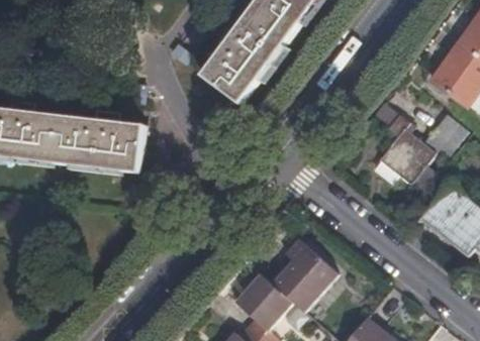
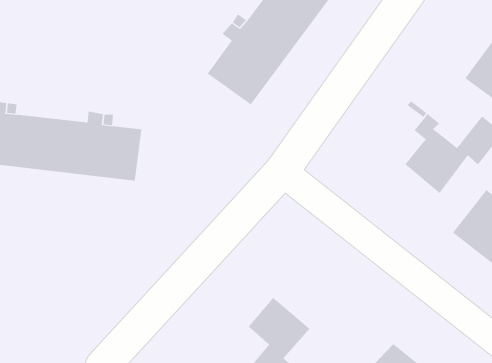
building: [273,241,339,313] -> none

